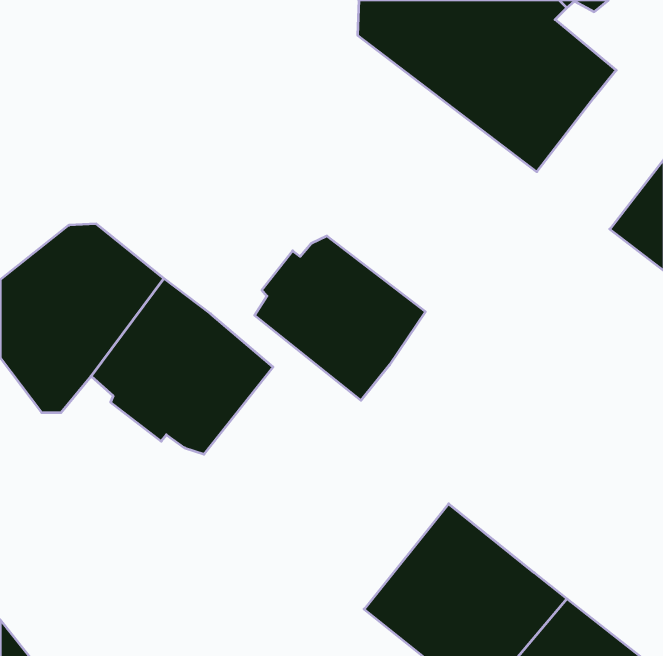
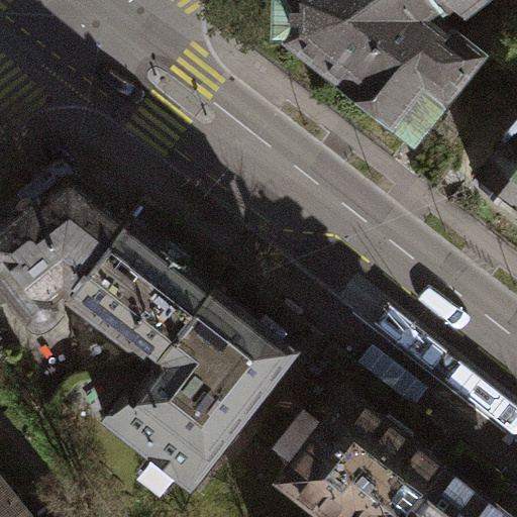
building: [255,236,425,400] -> none
building: none -> [108,292,294,489]

